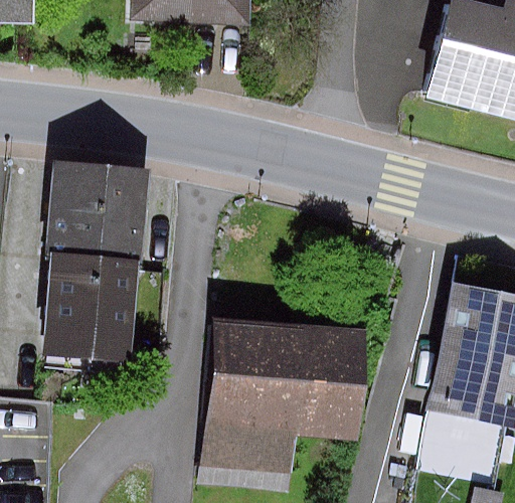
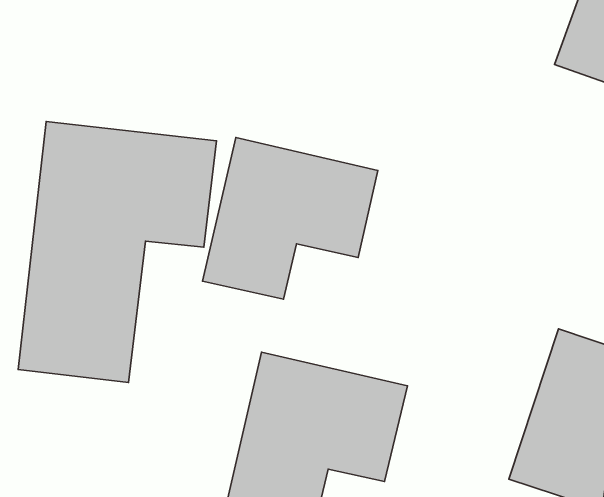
building: none -> [202,138,378,299]

